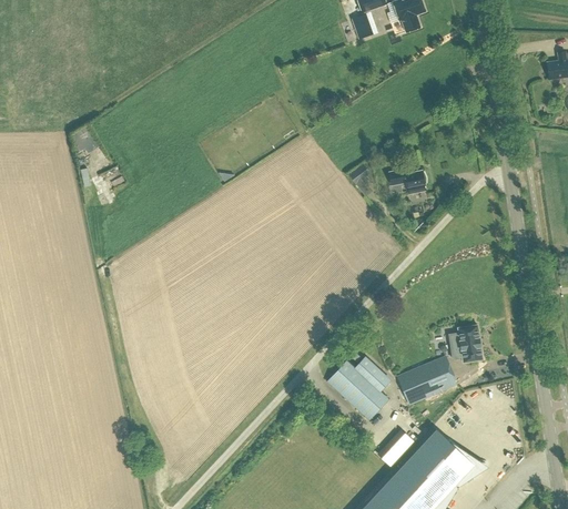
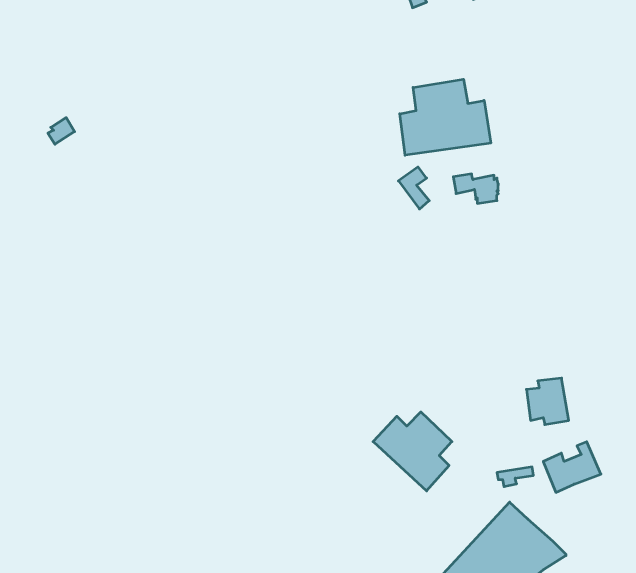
building: none -> [400,79,491,155]
building: [399,365,445,405] -> [543,442,601,492]

